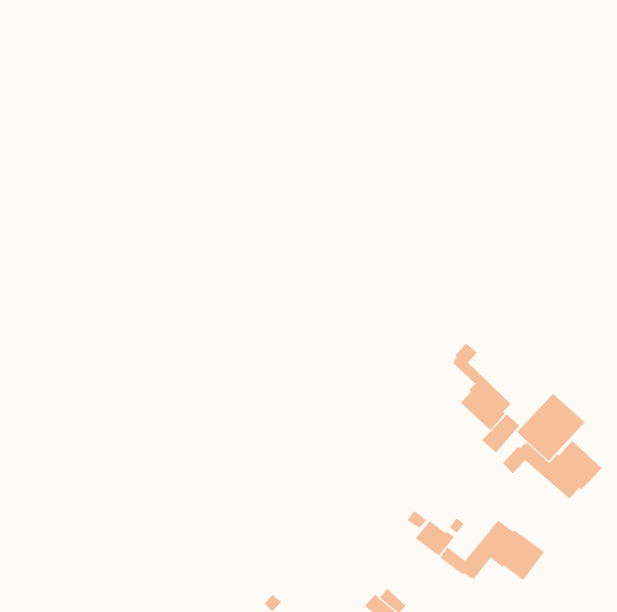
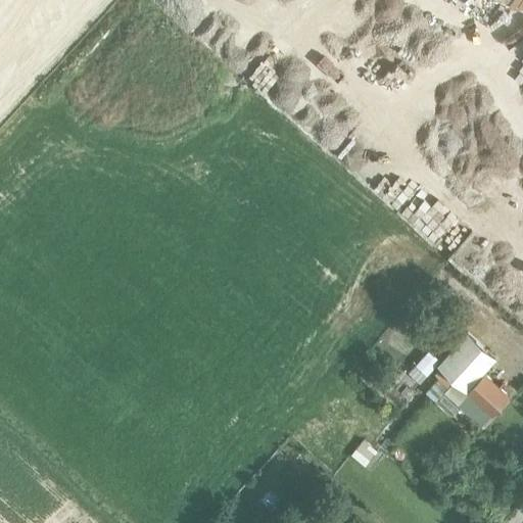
building: [452,342,512,431] -> none
building: [440,520,545,581] -> none

